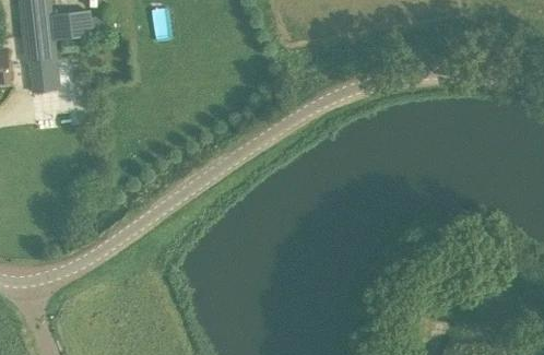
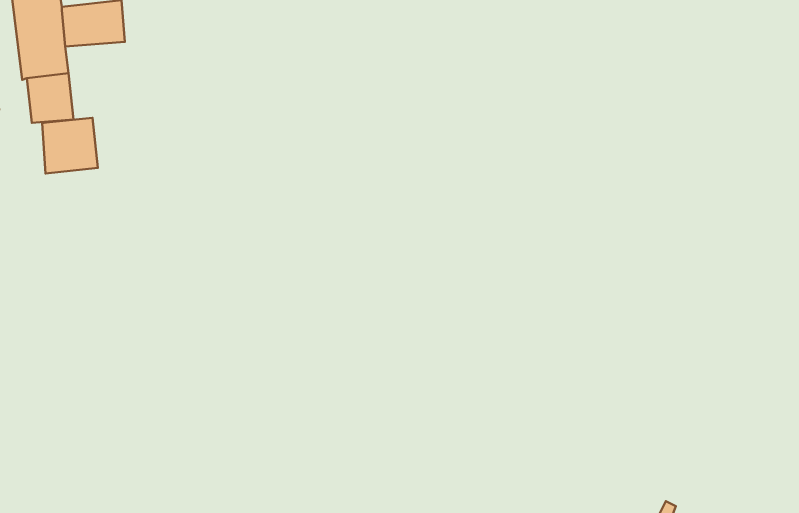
building: none -> [42,118,98,173]

